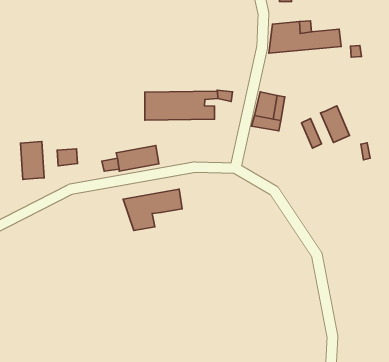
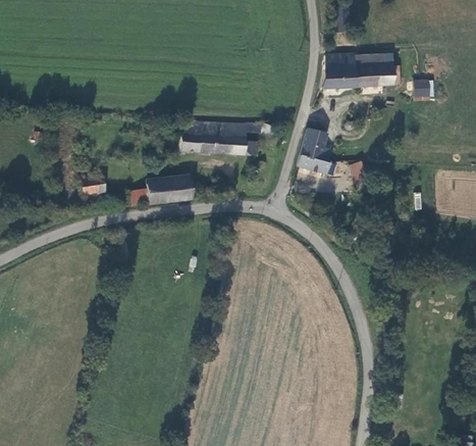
building: [321,106,350,143] -> none
building: [21,141,44,180] -> none
building: [123,189,182,231] -> none

